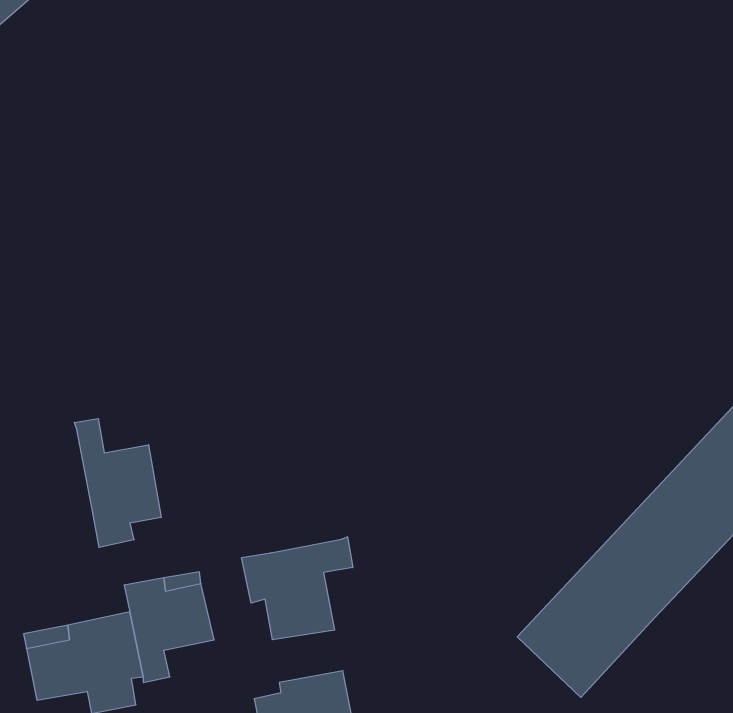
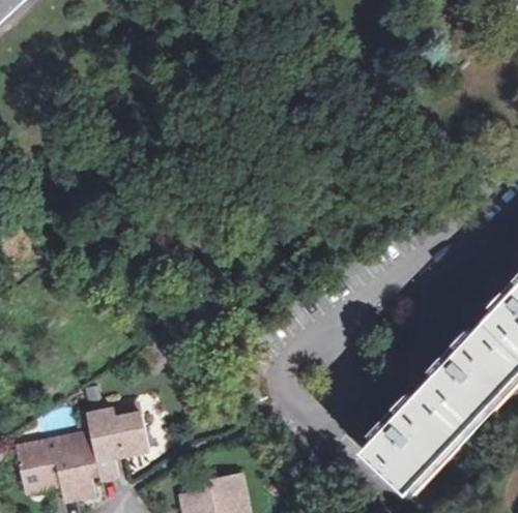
building: [74,419,161,547] -> none
building: [242,537,353,640] -> none

